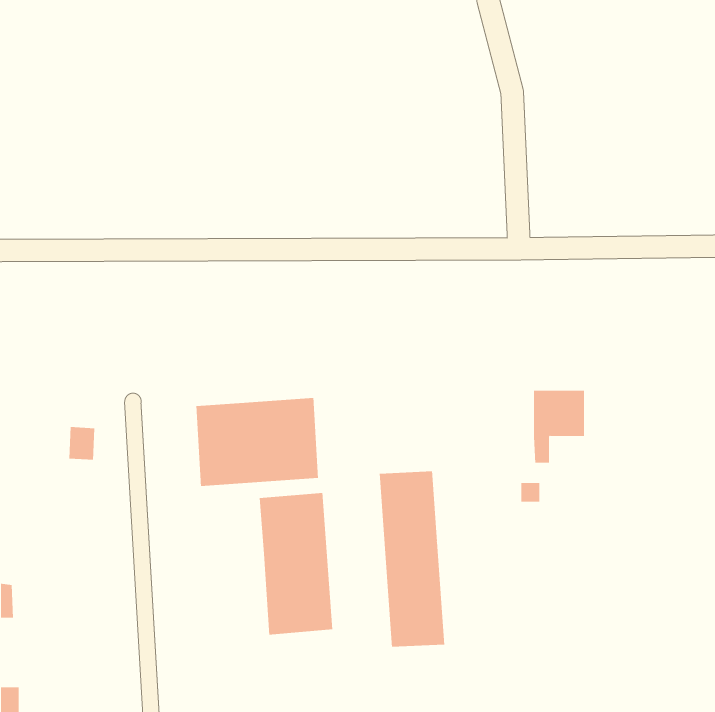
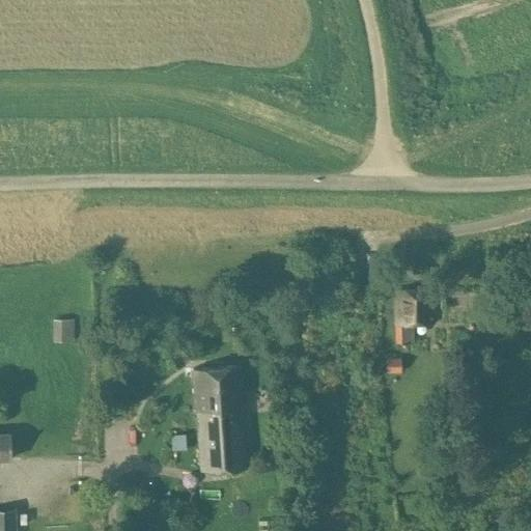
building: [196,397,319,487] -> none
building: [379,471,445,648] -> none

